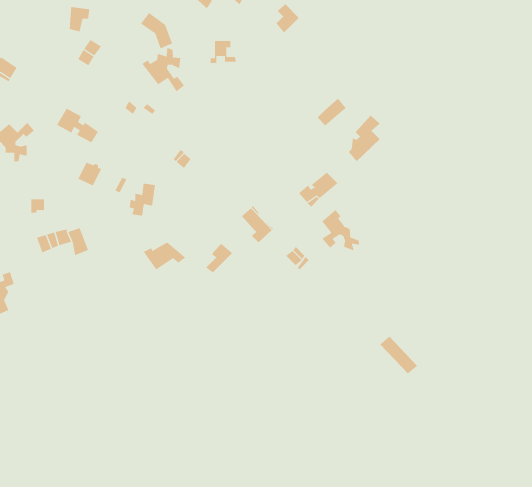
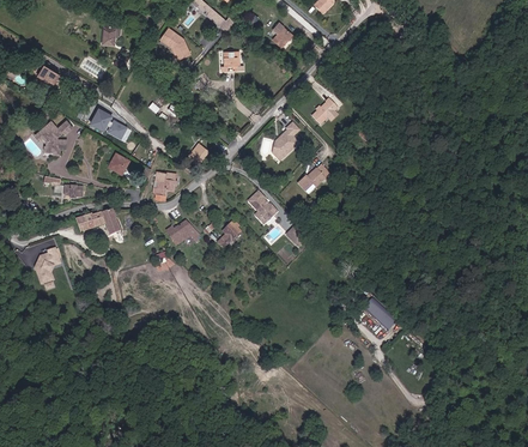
building: [141,47,185,92] -> none
building: [348,115,381,162] -> [271,122,298,162]
building: [321,209,359,252] -> none

